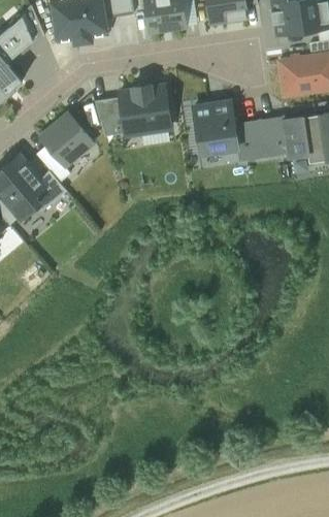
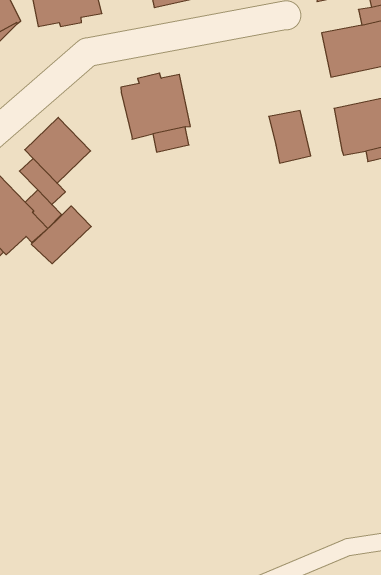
building: [95,97,125,135] -> none
building: [193,101,237,152] -> none
building: [258,116,289,156] -> none
building: none -> [31,206,91,264]

